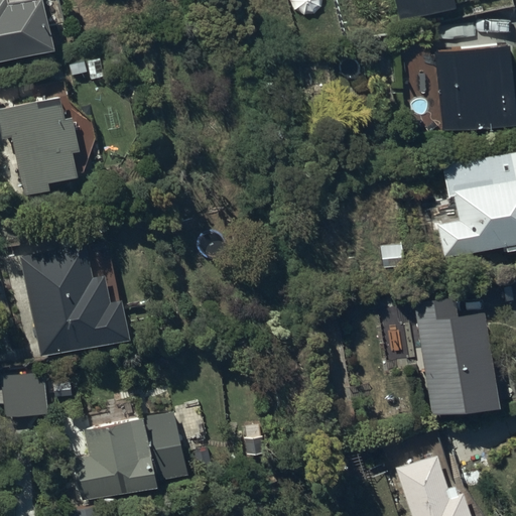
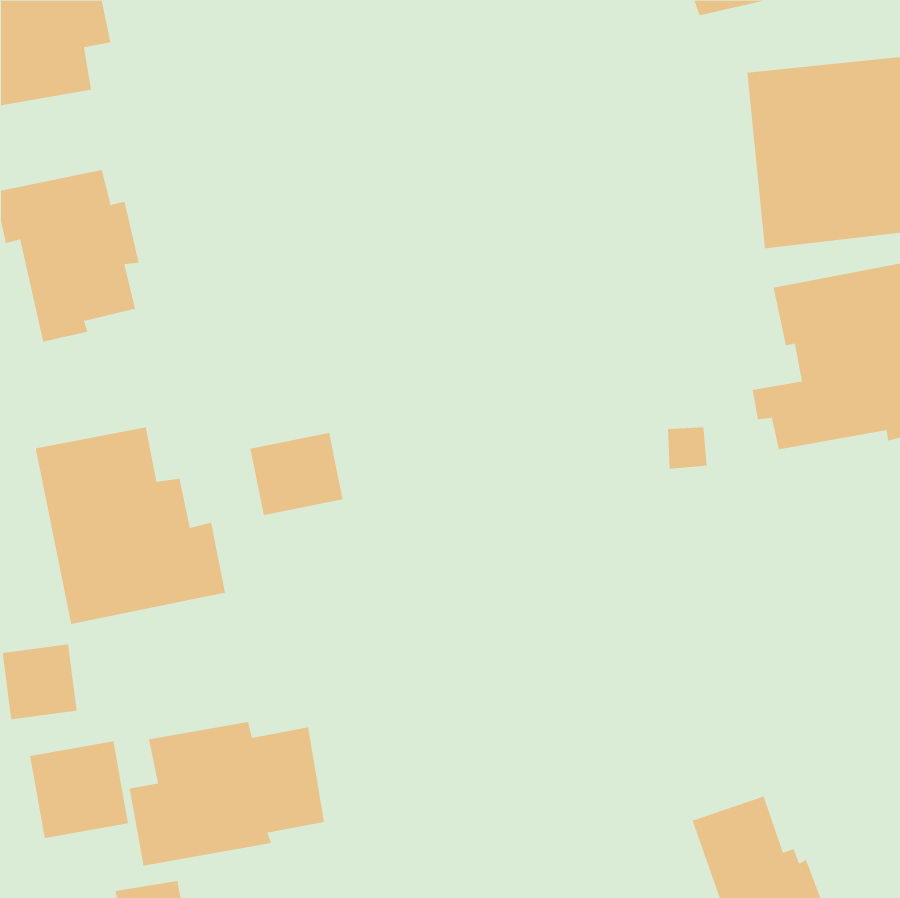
building: none -> [250,432,343,516]
building: [413,297,500,418] -> none
building: none -> [30,741,129,839]

